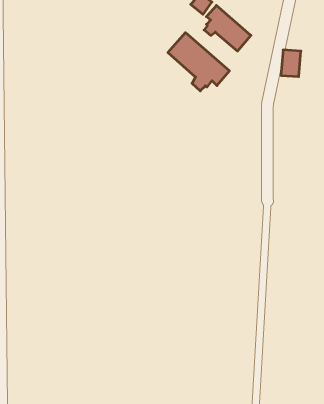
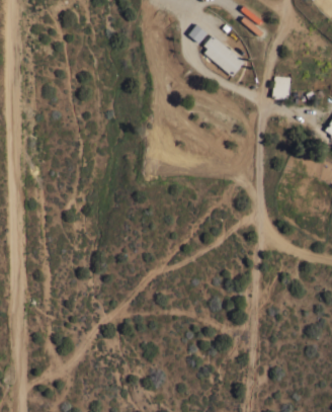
building: [168,33,229,91] -> none

